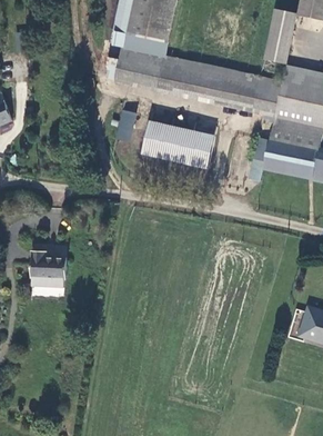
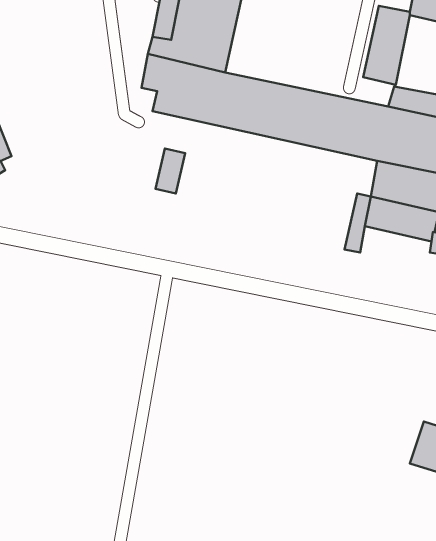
building: [140,118,214,167] -> none
building: [28,245,65,280] -> none

